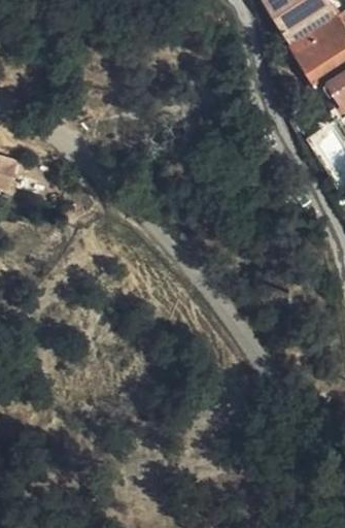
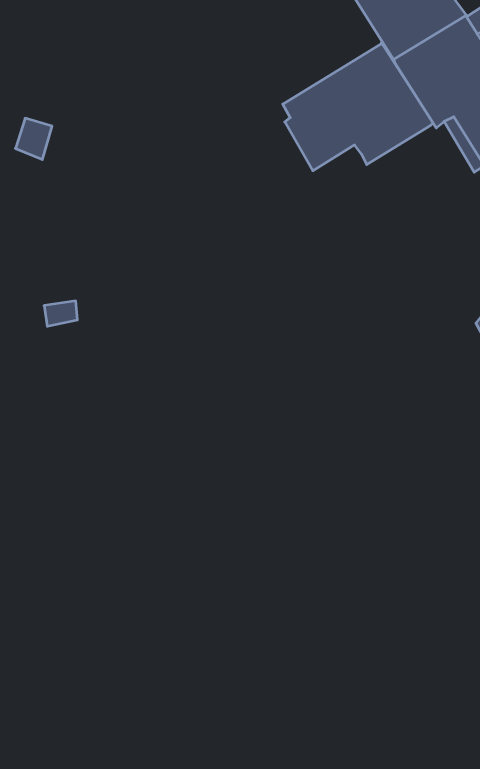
building: none -> [283,42,433,171]

